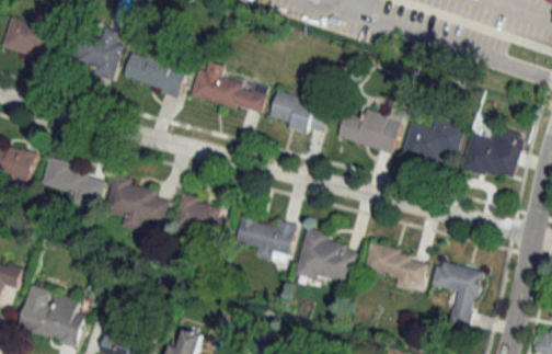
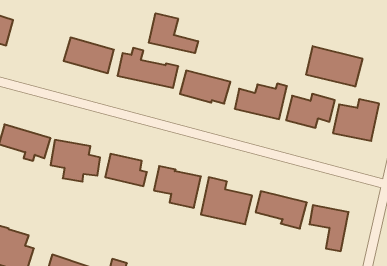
building: none -> [149,13,198,53]
building: [60,27,122,76] -> none
building: none -> [306,46,362,87]

